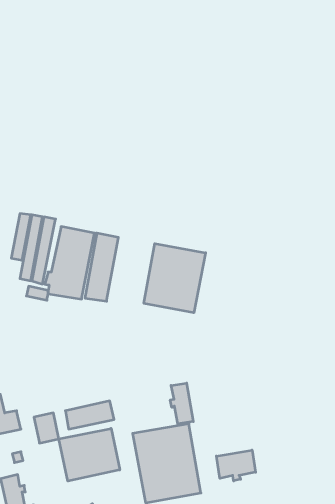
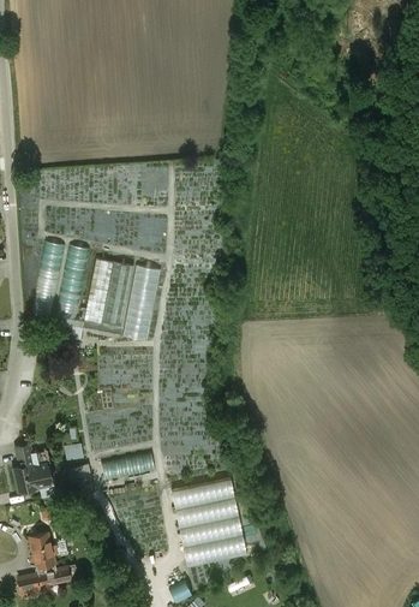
building: [144,244,206,313] -> none
building: [170,383,193,424] -> none
building: [59,428,120,481] -> none
building: [216,450,256,481] -> none

